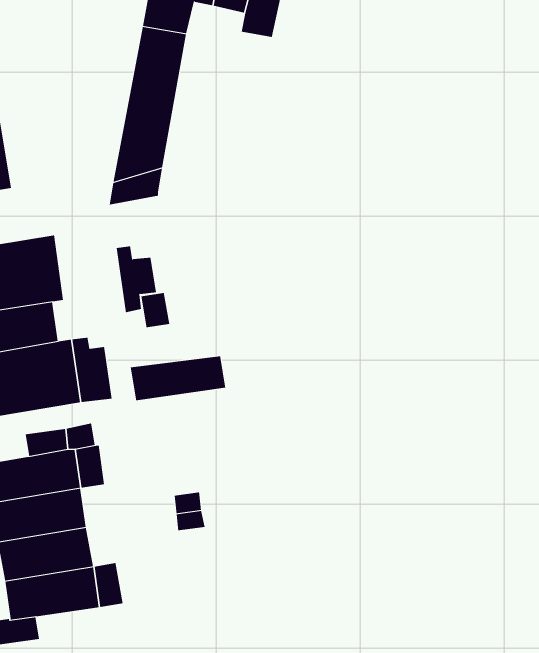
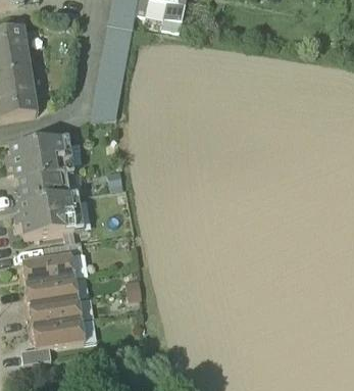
building: [116,246,157,313] -> [60,135,83,172]
building: [130,356,226,401] -> none

